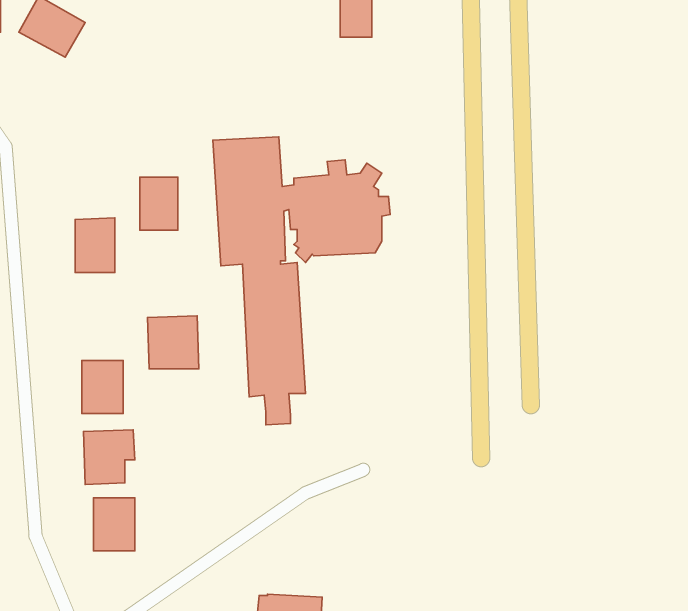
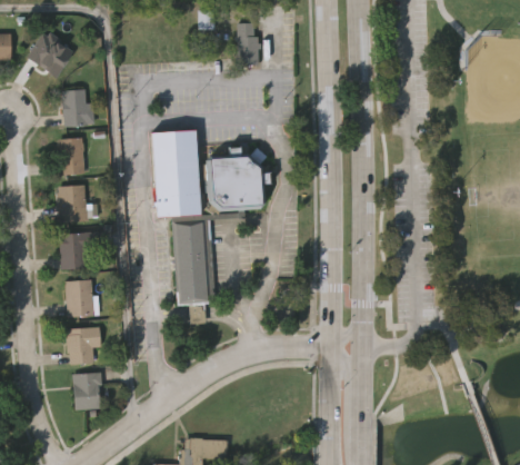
building: none -> [62,90,86,126]
building: [140,177,178,230] -> [58,138,83,174]
building: [148,316,199,369] -> [59,233,93,268]

